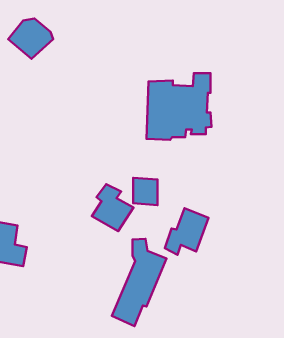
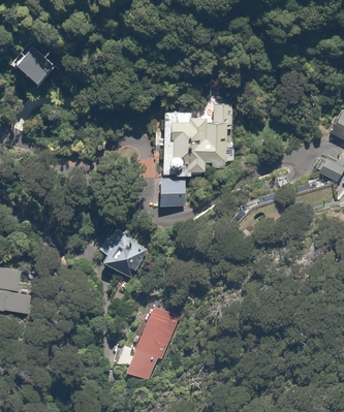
building: [133,178,158,205] -> [159,179,186,209]
building: [165,208,209,255] -> none

